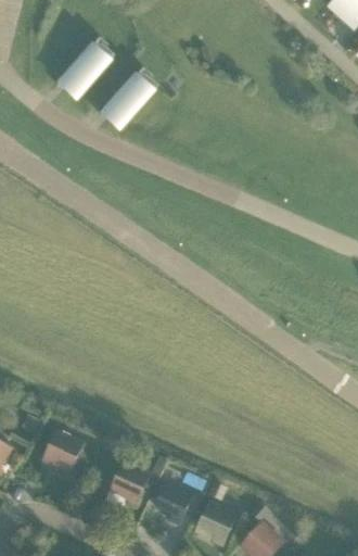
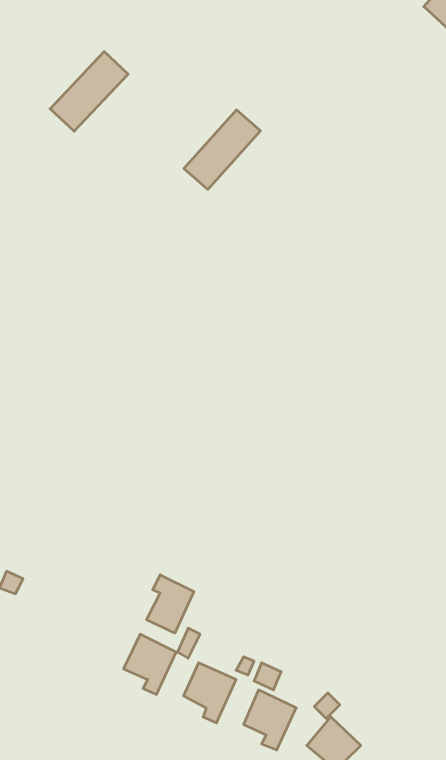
building: [101,72,156,129] -> [184,110,260,189]
building: none -> [147,575,194,633]
building: [43,430,82,473] -> none

